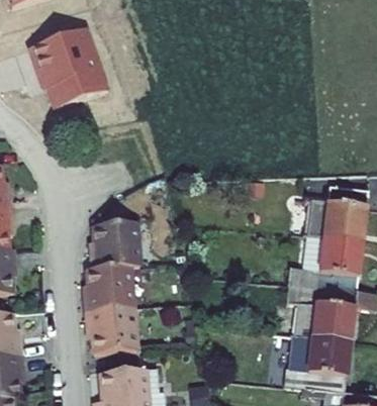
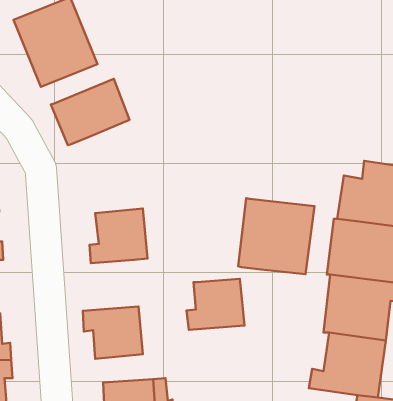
building: none -> [51,79,129,145]
building: none -> [238,198,315,274]
building: [83,263,134,308] -> [187,279,245,330]

